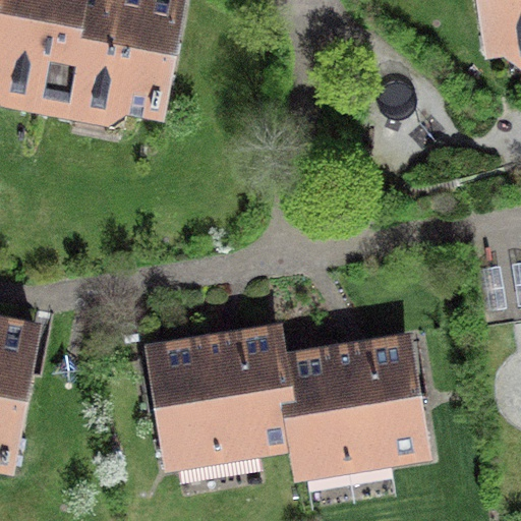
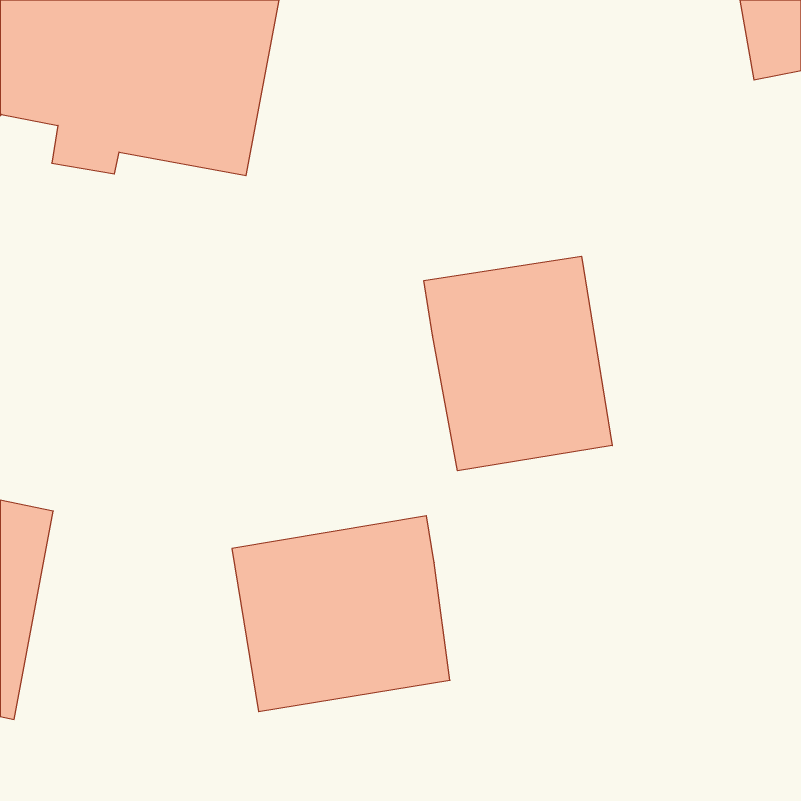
building: none -> [424,256,612,471]
building: [282,345,424,471] -> none

